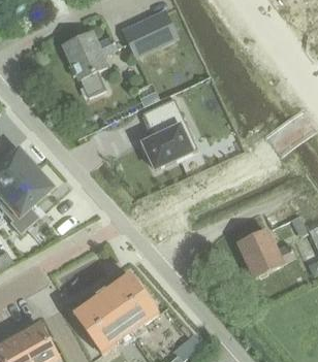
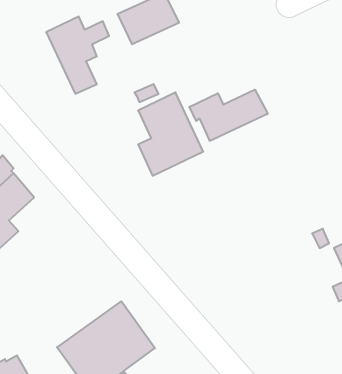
building: none -> [189,90,268,141]
building: [238,230,295,276] -> none

